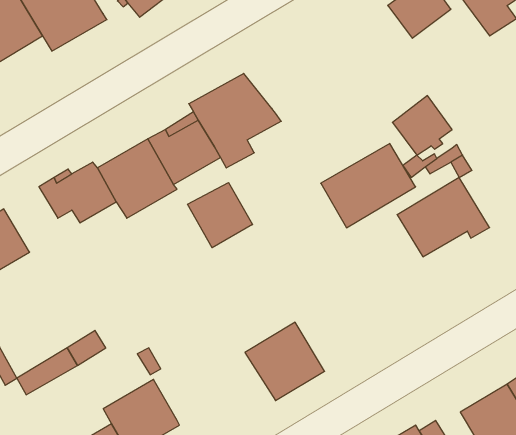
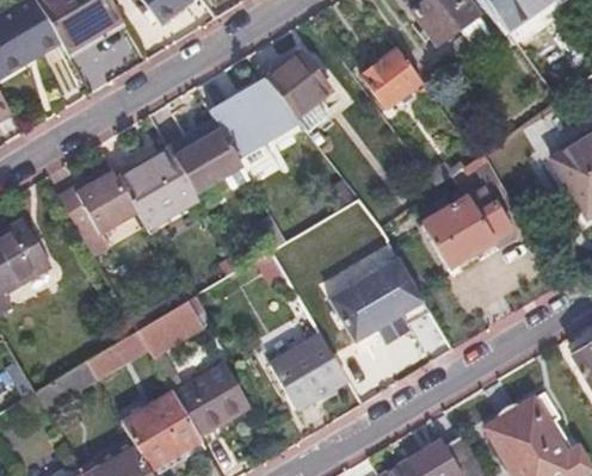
building: none -> [264,52,329,117]
building: [392,96,452,155] -> [360,48,421,109]
building: [321,144,416,228] -> [328,258,425,344]
building: [188,183,253,248] -> none
building: none -> [135,301,202,356]
building: none -> [173,364,249,435]

